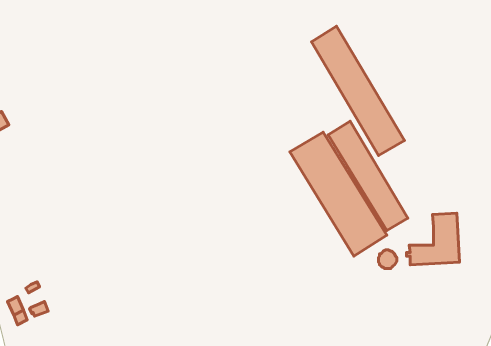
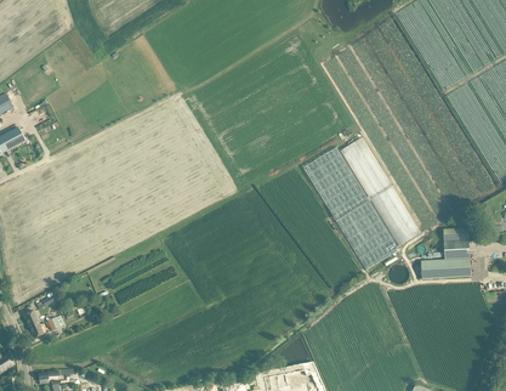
building: [311,26,405,155] -> none

